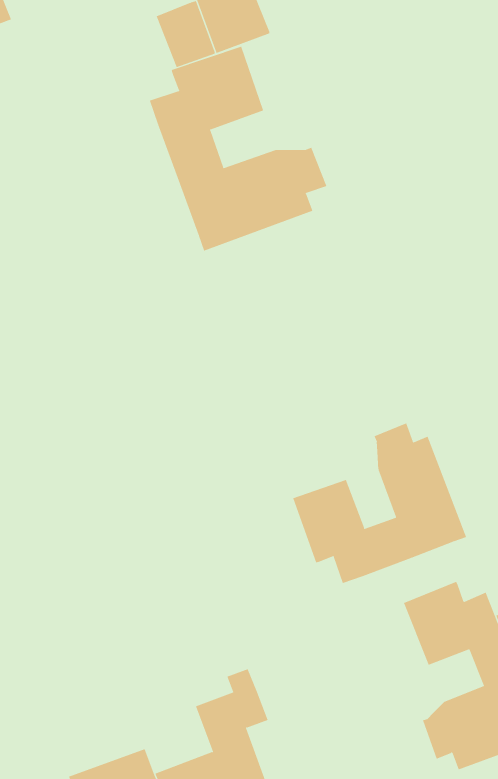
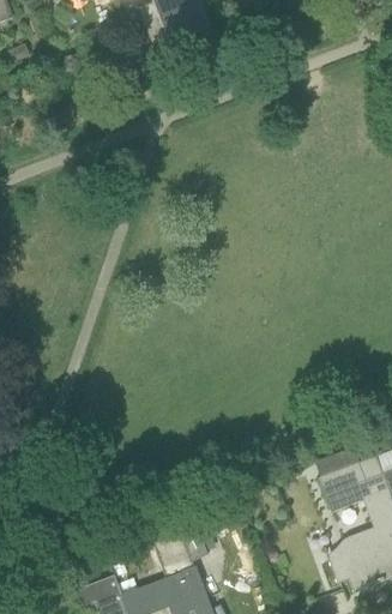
building: [149,46,327,252] -> none
building: [293,423,467,584] -> none

